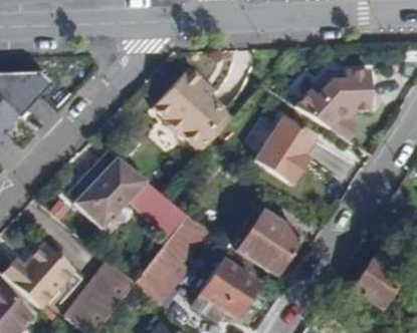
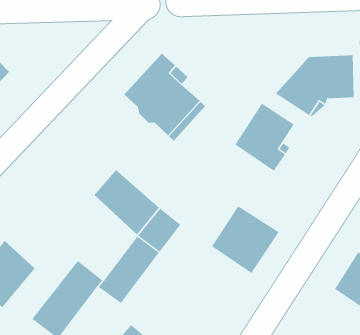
building: [68,149,147,229] -> none
building: [194,261,257,317] -> none

